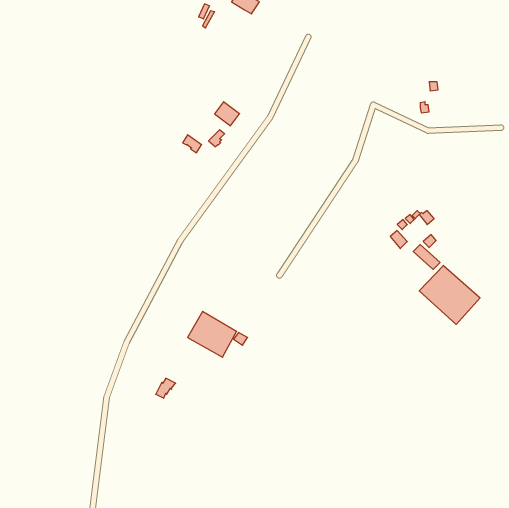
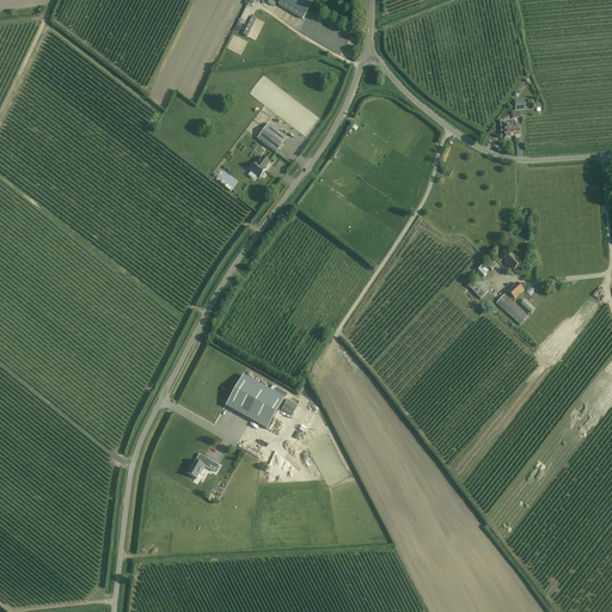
building: [419,265,480,324] -> none

